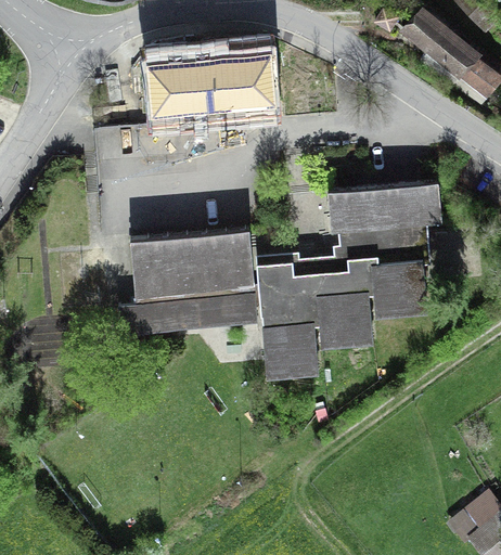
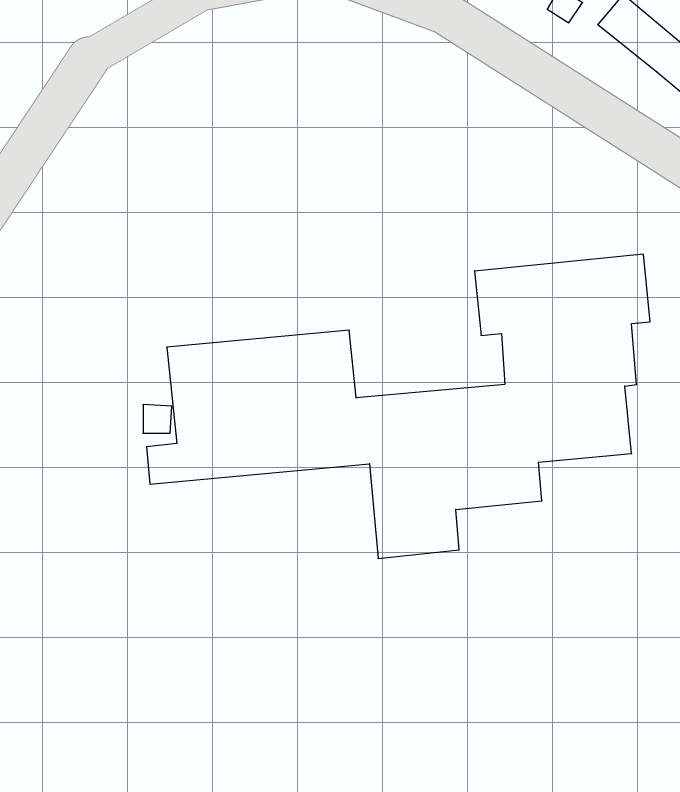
building: [152,53,267,117] -> none

